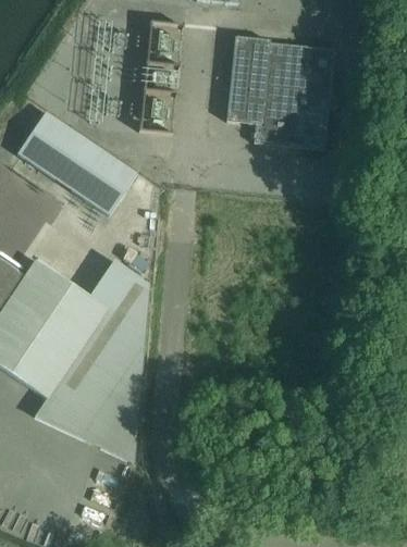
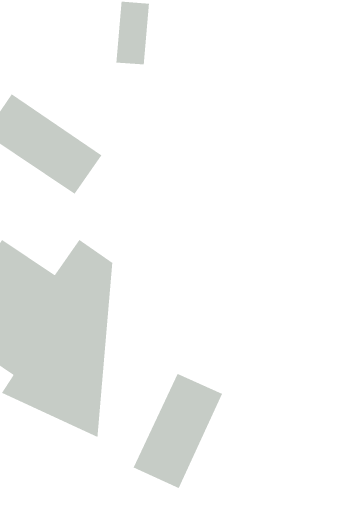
building: [225,36,333,149] -> none
building: none -> [132,373,223,489]

